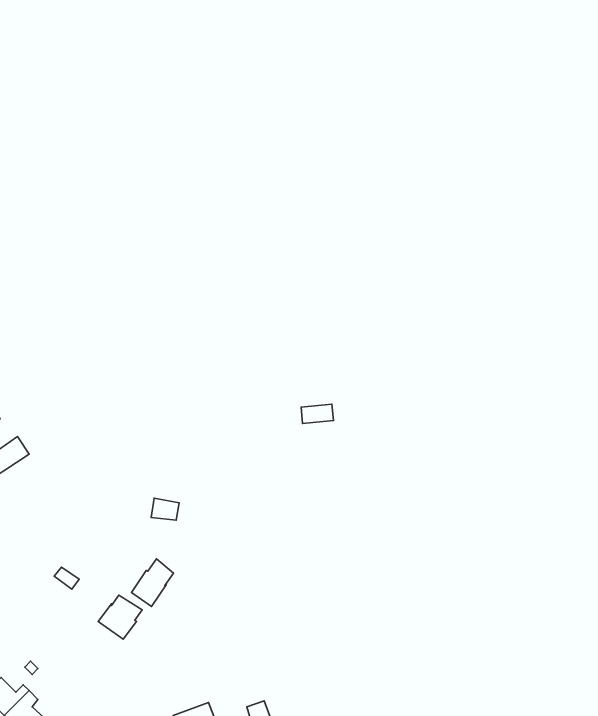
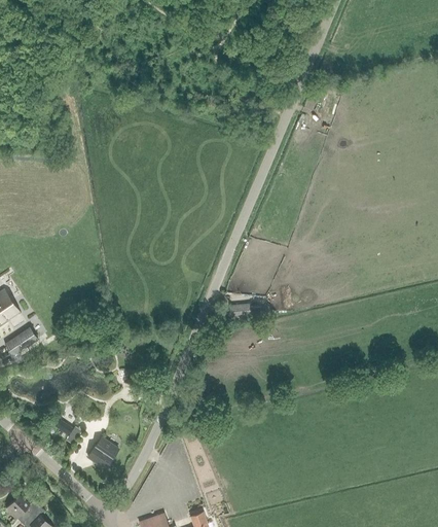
building: [131,559,174,607] -> none

